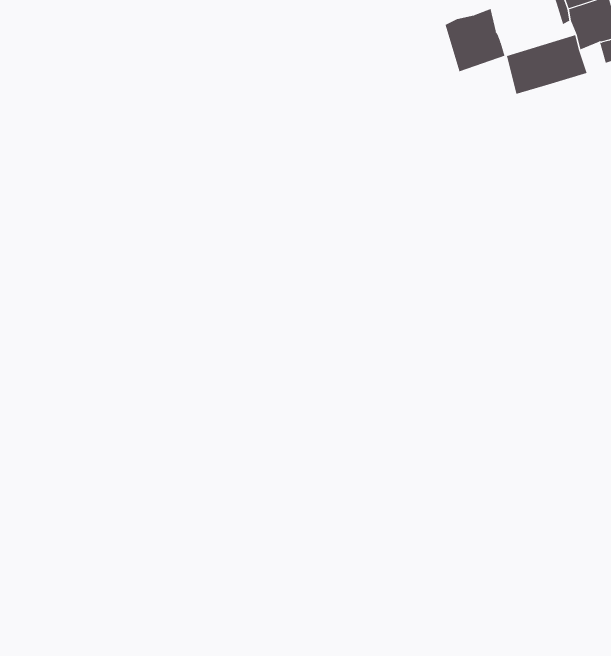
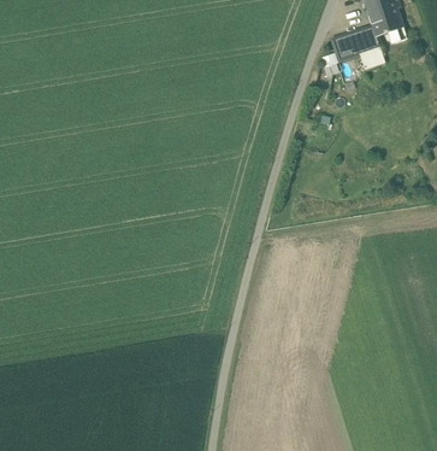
building: [445,8,505,72] -> none

